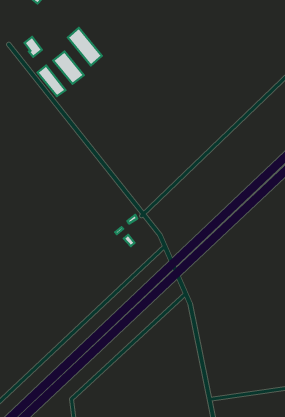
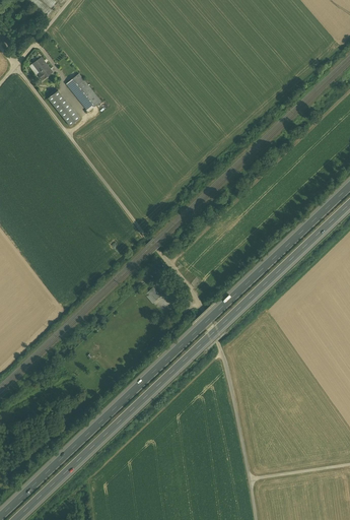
building: [68,28,102,66] -> none

